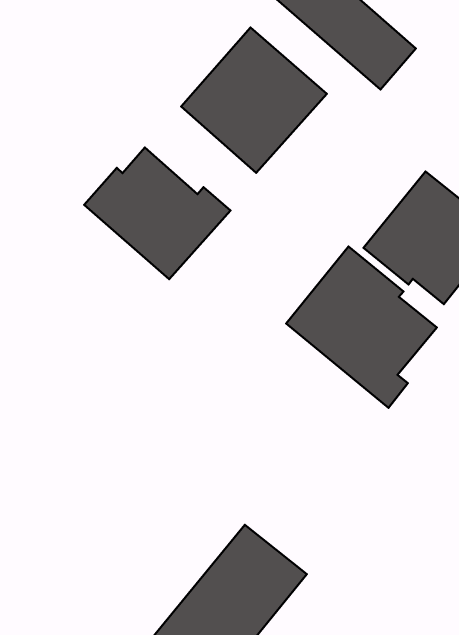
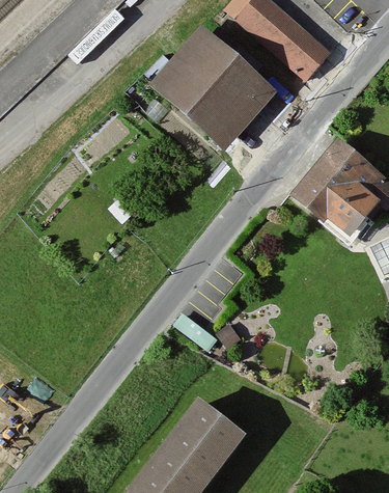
building: [84,148,230,279] -> none
building: [286,247,437,408] -> none

